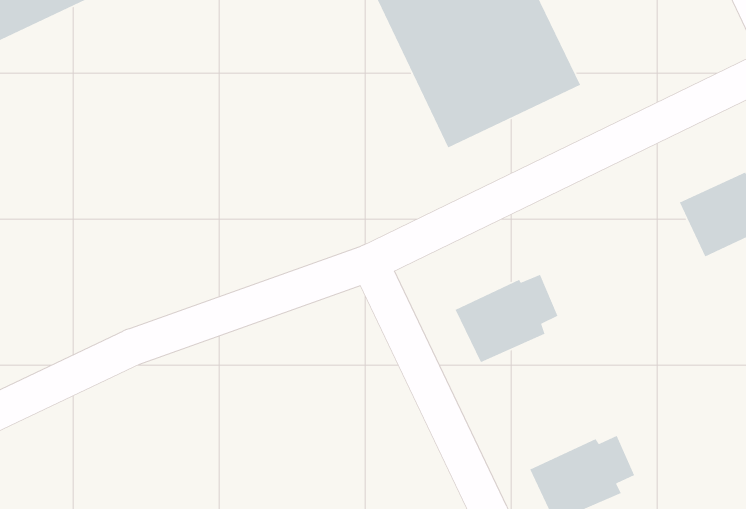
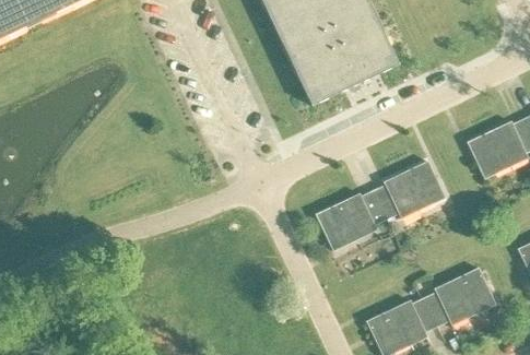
building: none -> [374,161,445,218]
building: none -> [425,269,495,326]

